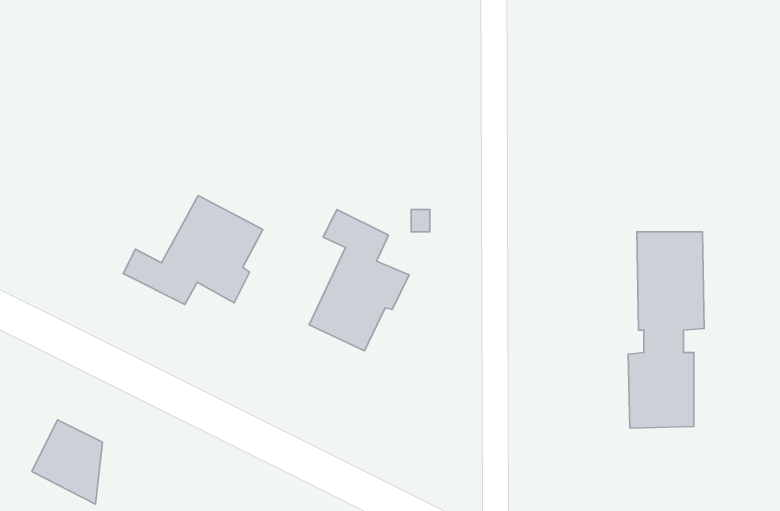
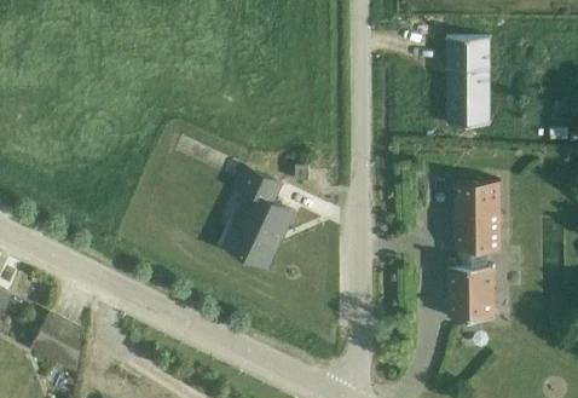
building: none -> [446,38,490,125]
building: [123,196,263,305] -> none

